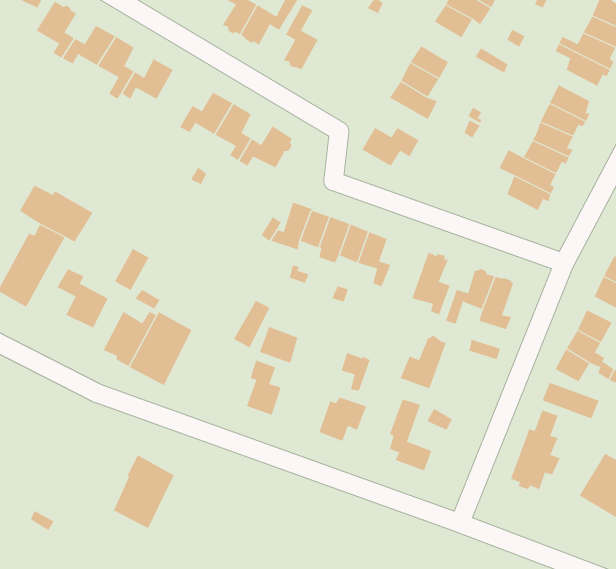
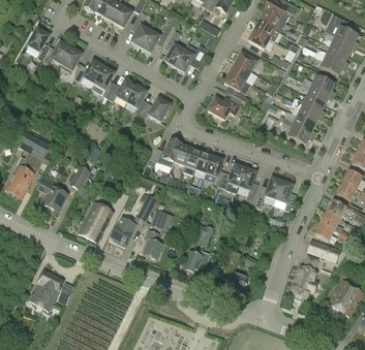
building: none -> [174,43,208,72]
building: none -> [90,66,114,98]
building: [103,311,157,367] -> [110,216,140,247]
building: [400,335,446,389] -> [218,163,244,193]
building: [113,455,175,529] -> [29,268,63,310]

